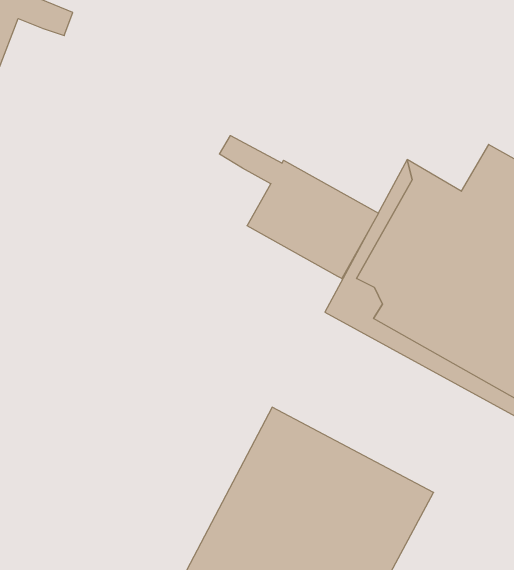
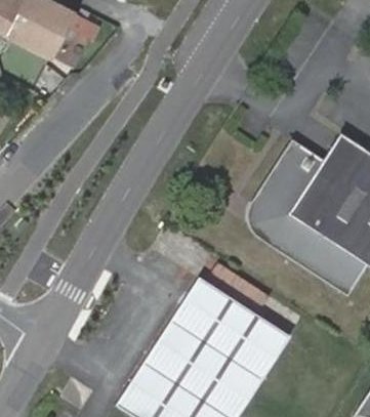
building: [219,136,378,279] -> none

